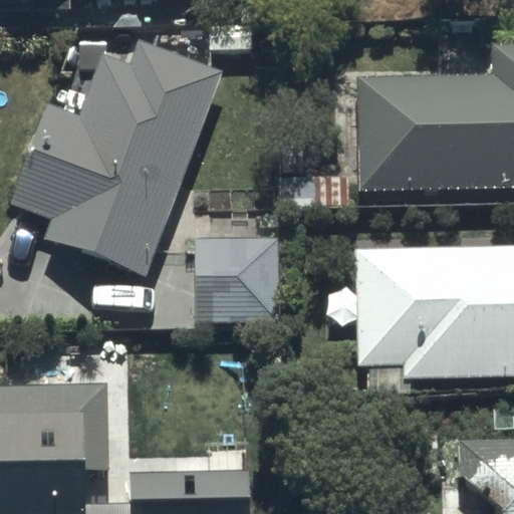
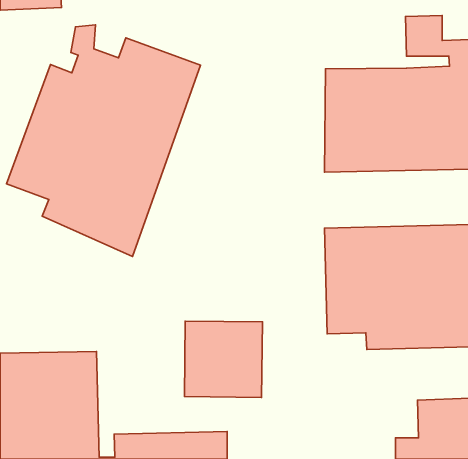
building: [194,236,279,319] -> [184,321,263,397]

